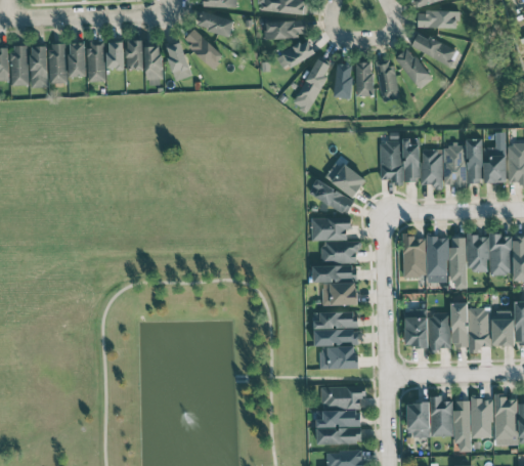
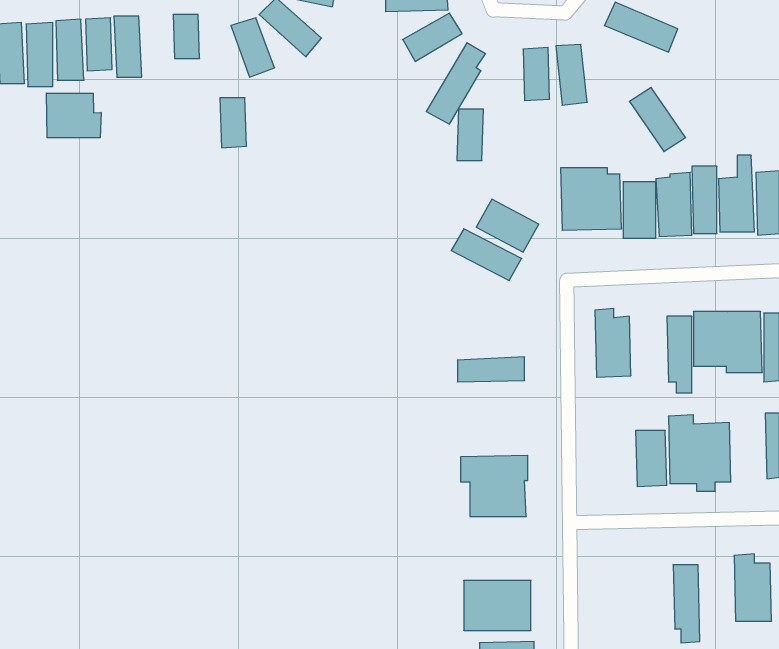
building: [107,41,124,69] -> none
building: [144,46,162,79] -> [220,98,247,148]
building: [395,47,432,89] -> [629,87,686,152]
building: [335,63,352,97] -> [457,109,483,161]
building: none -> [46,93,101,138]
building: [311,217,357,262] -> none
building: [426,232,447,282] -> none
building: [321,284,356,305] -> none
building: [405,308,428,347] -> none
building: [492,310,514,346] -> none
building: [313,311,357,328] -> none
building: [321,386,364,409] -> none
building: [406,396,452,436] -> none
building: [471,397,492,437] -> none

